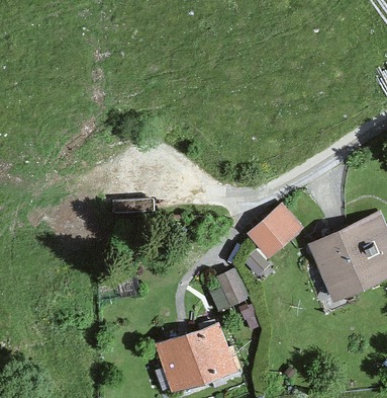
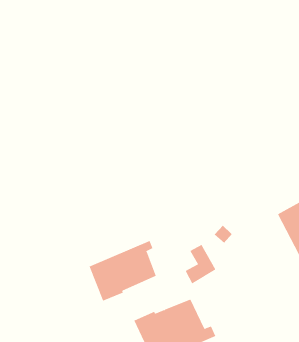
building: [250,206,299,254] -> none
building: none -> [89,240,156,302]

